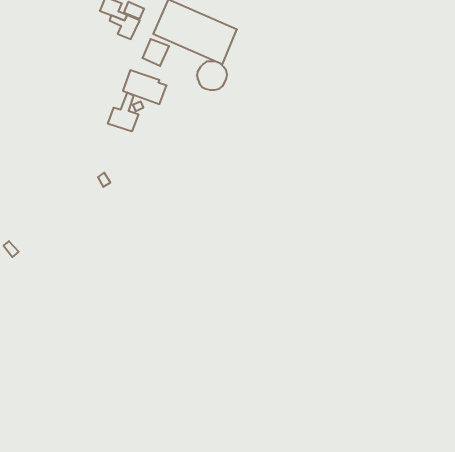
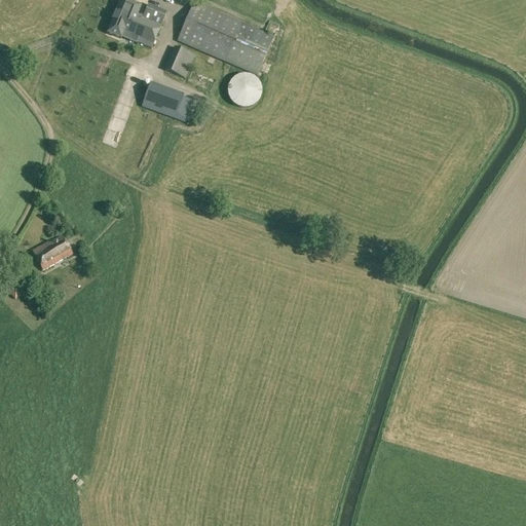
building: none -> [108,12,140,40]
building: [108,92,138,131] -> none
building: none -> [32,234,72,268]

